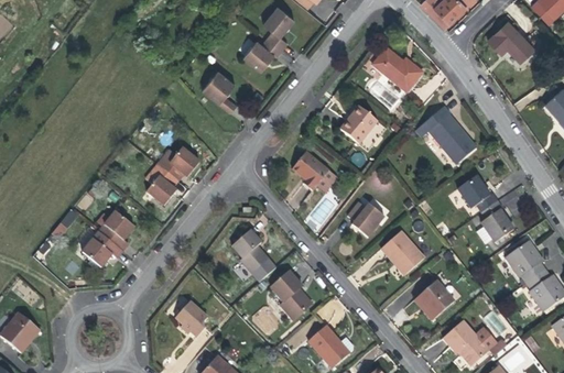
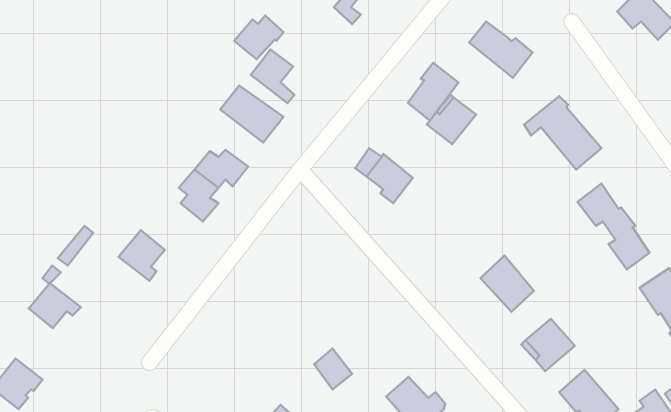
building: [242,37,281,72] -> [234,15,283,59]
building: none -> [408,63,458,121]
building: none -> [220,85,284,142]
building: [347,202,384,238] -> none
building: [231,230,269,274] -> none
building: [82,232,122,267] -> [29,283,81,328]
building: [270,272,312,320] -> none
building: [174,303,207,338] -> none

